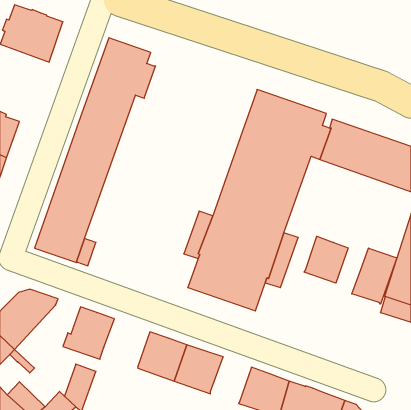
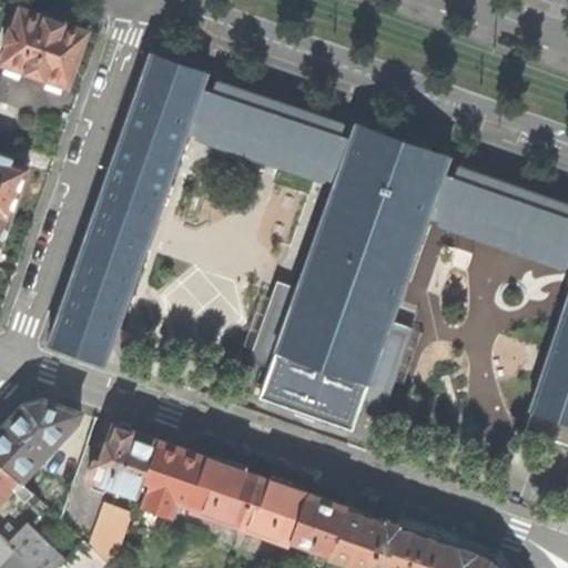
building: none -> [199,81,349,183]
building: [304,236,348,283] -> none
building: [352,248,397,304] -> none
building: none -> [143,442,206,517]
building: none -> [290,494,346,556]

